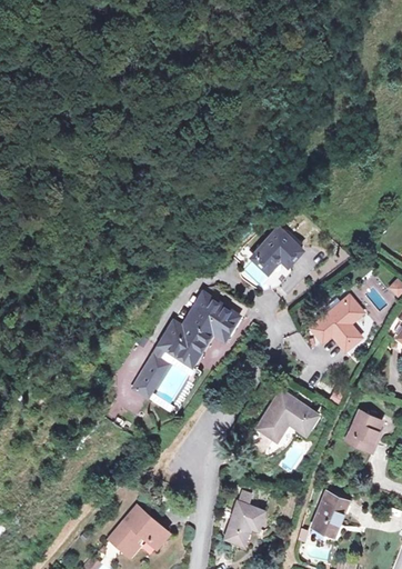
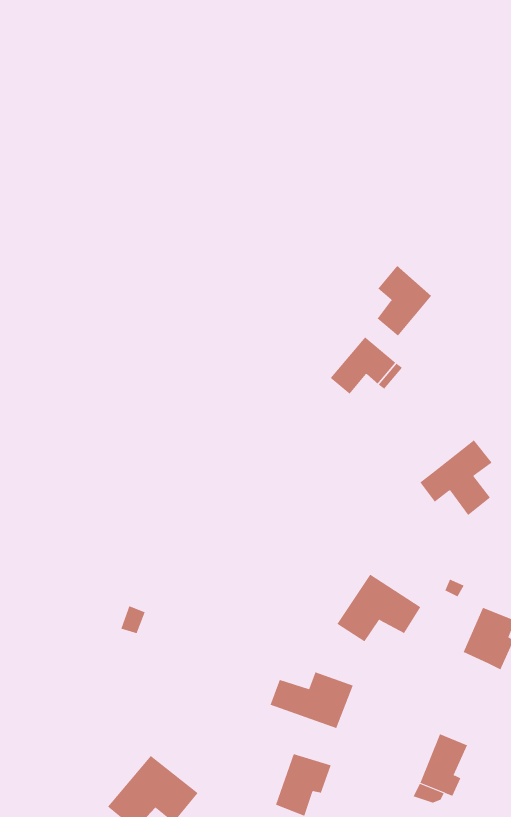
building: none -> [377,265,432,337]
building: [132,290,247,398] -> none
building: none -> [270,672,354,729]

